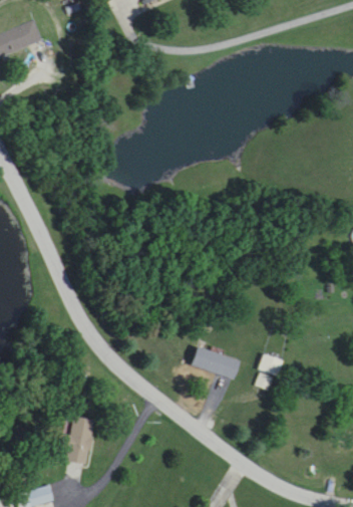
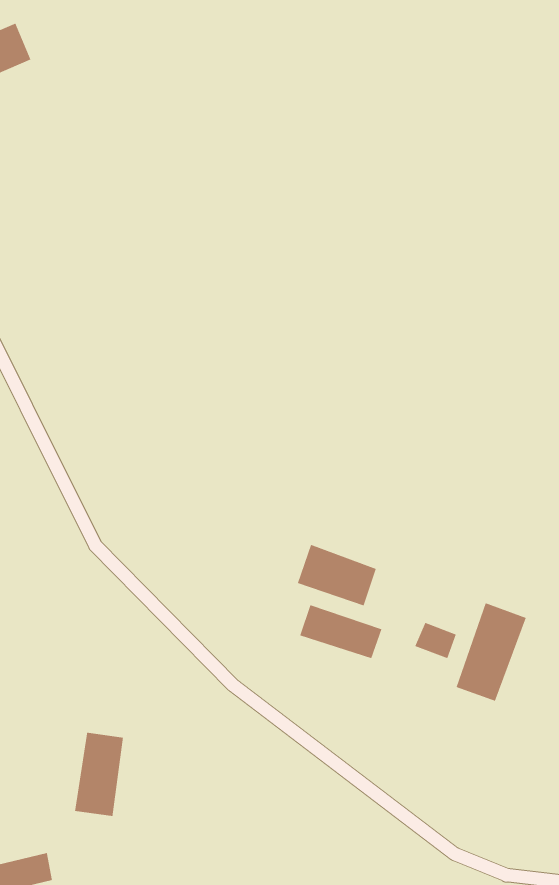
building: none -> [297,544,377,607]
building: none -> [456,602,527,702]

